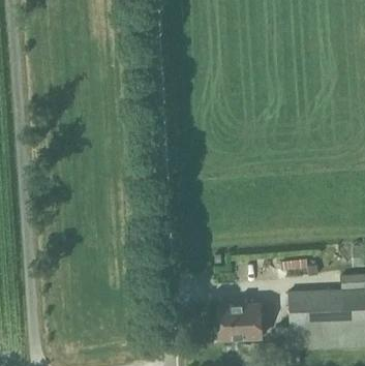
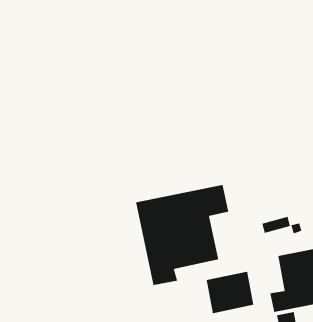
building: none -> [136,184,229,286]

